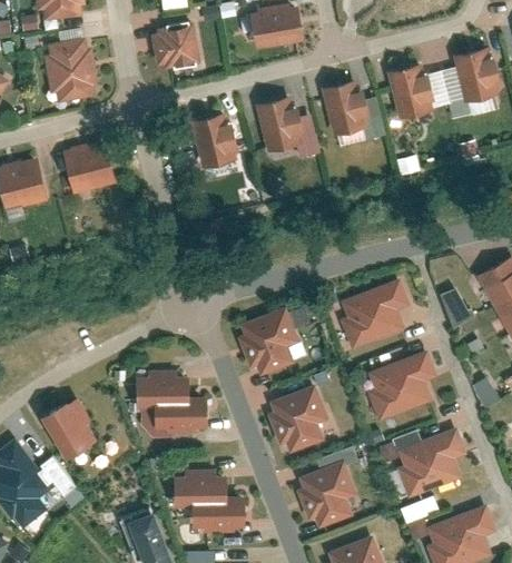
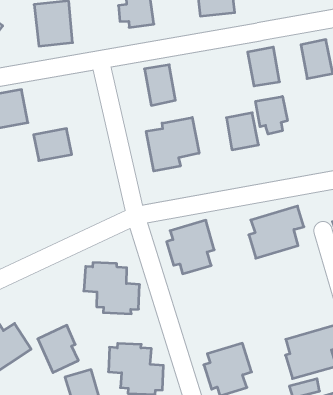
building: [258,99,302,148] -> [226,113,259,150]
building: none -> [256,96,287,134]
building: [65,145,115,188] -> [34,129,72,161]
building: none -> [146,117,199,171]
building: [368,352,437,422] -> none
building: [267,385,328,454] -> none
building: [43,394,97,455] -> [38,325,78,373]

